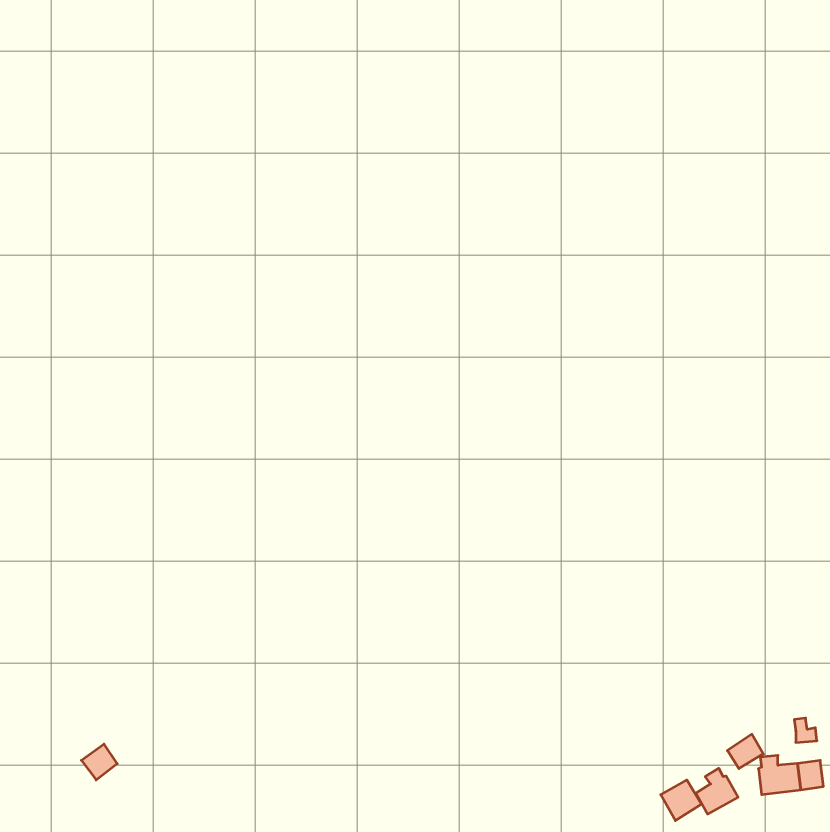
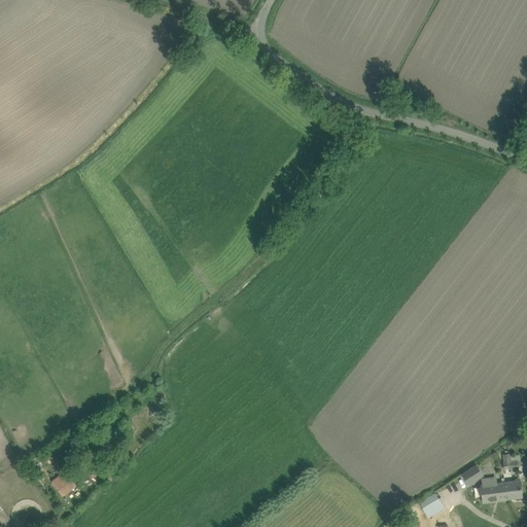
building: [696,768,738,814] -> none

